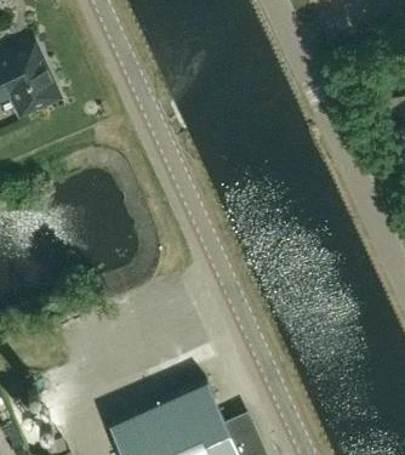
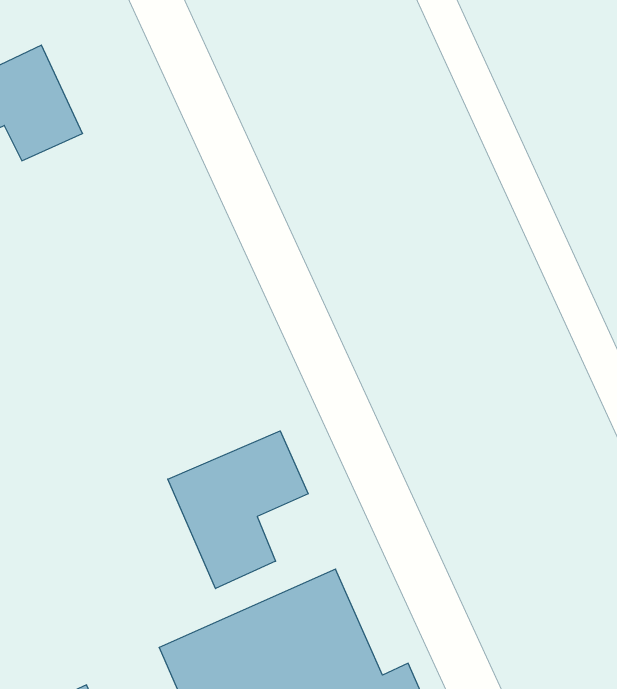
building: none -> [168,431,308,589]

